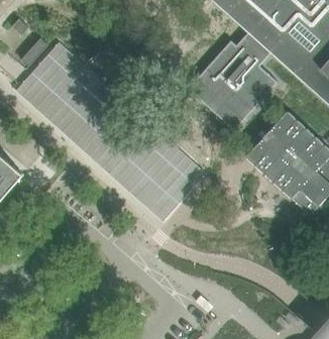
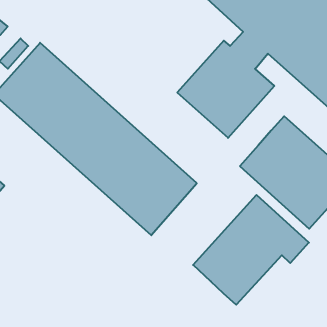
building: none -> [193,195,309,305]

